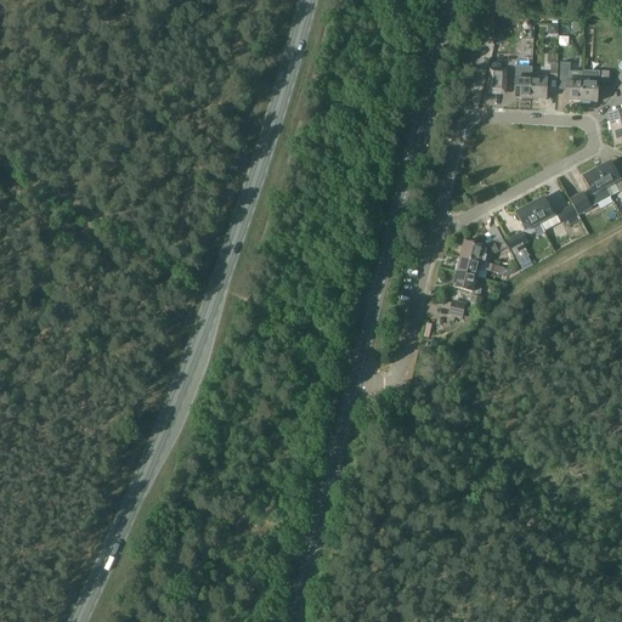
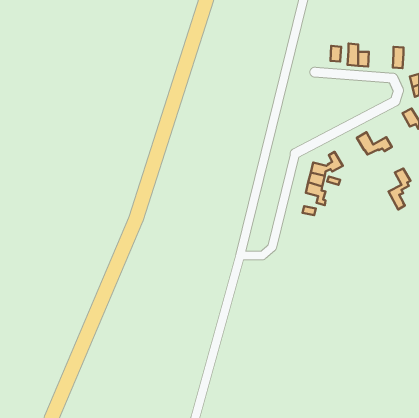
building: [559,61,583,100] -> none
building: [577,168,611,210] -> none
building: [507,204,539,265] -> [388,168,411,210]

